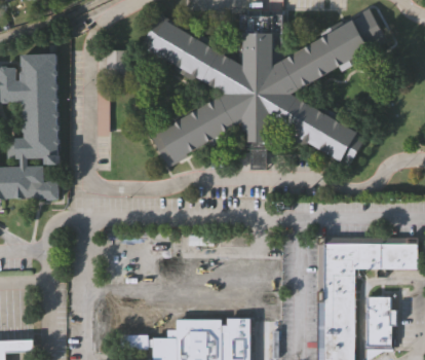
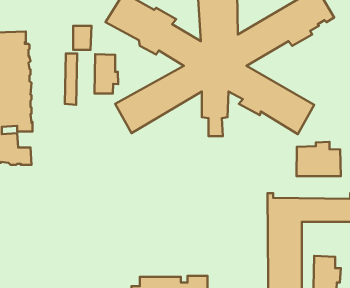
building: none -> [95,54,118,94]
building: none -> [296,142,341,176]

